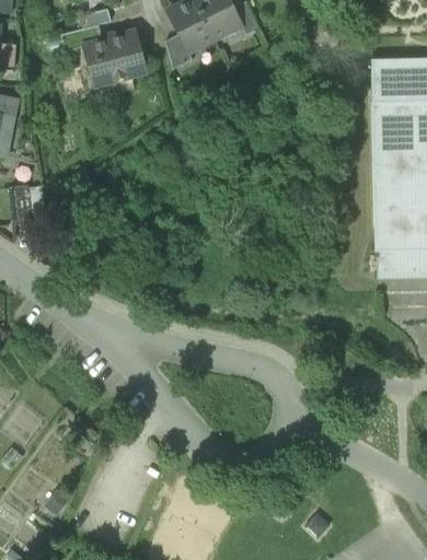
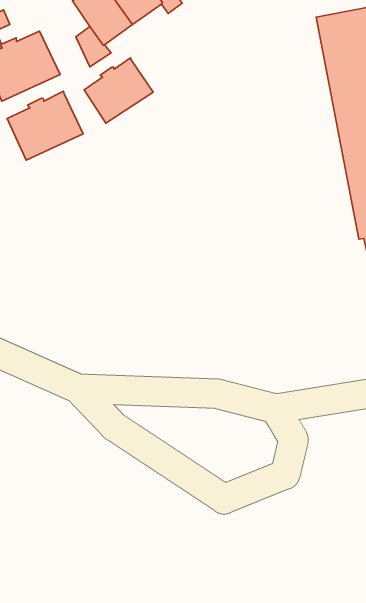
building: none -> [84,58,153,123]
building: none -> [7,91,83,160]

